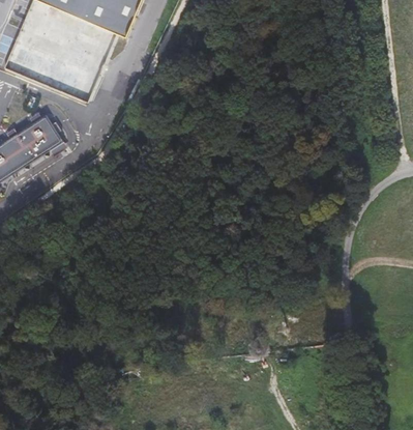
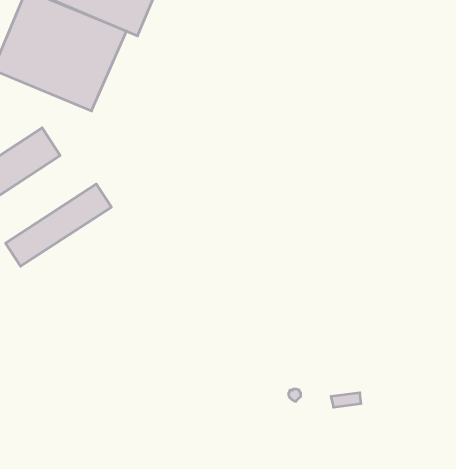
building: none -> [6,184,111,266]

